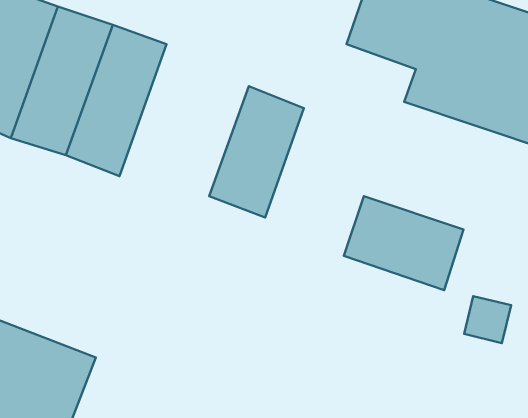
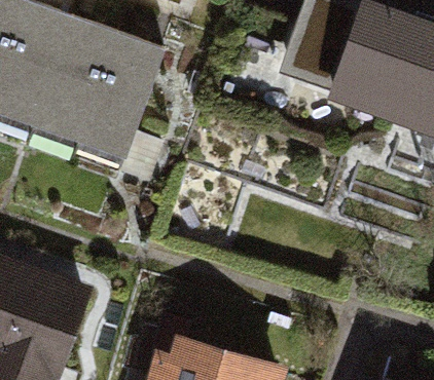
building: [209,86,304,217] -> none
building: [344,196,463,290] -> none

